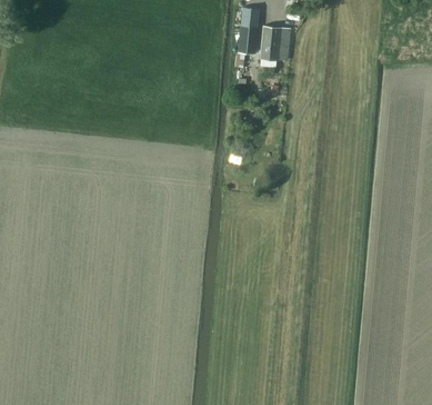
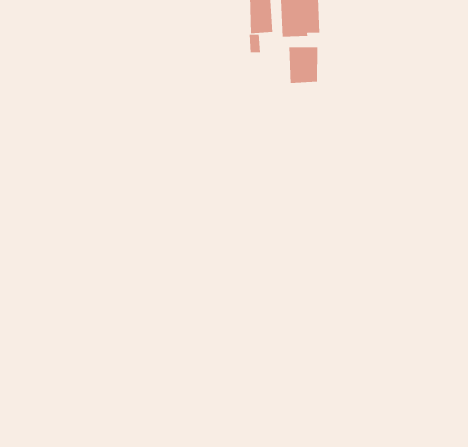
building: none -> [289,47,318,84]

